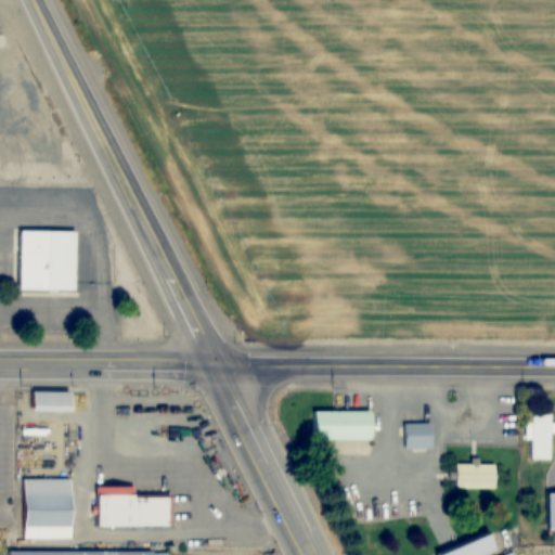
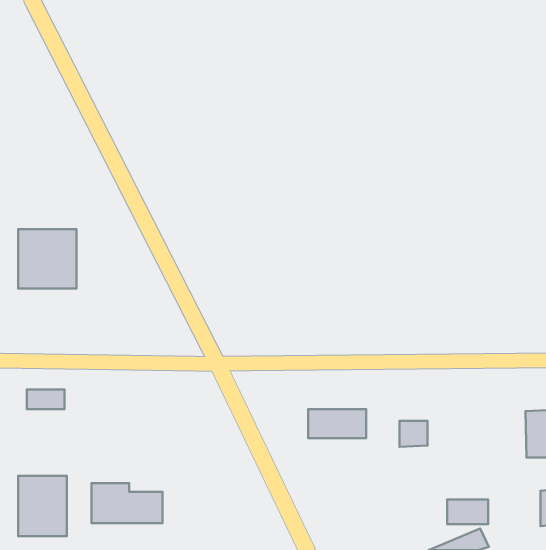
building: [456,465,498,490] -> [447,499,488,524]

